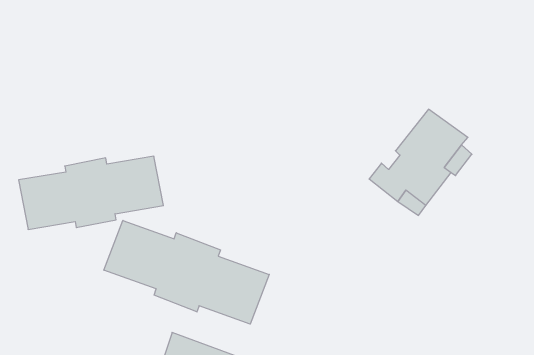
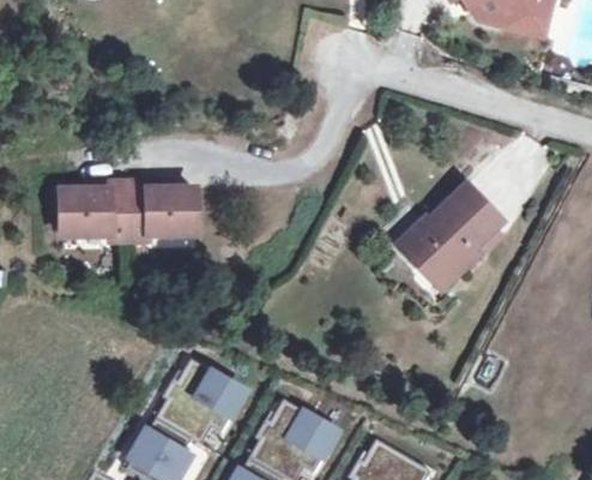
building: [104,220,269,324] -> none

